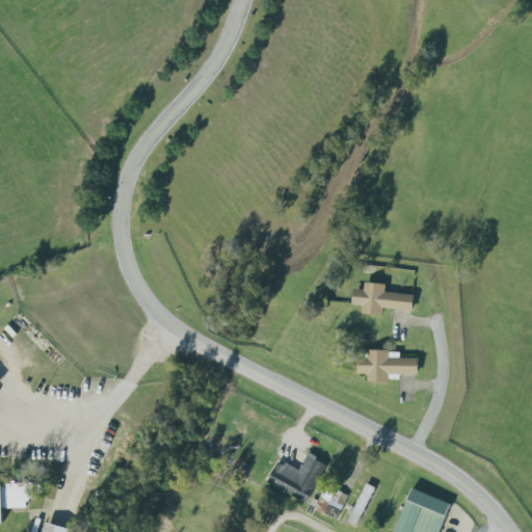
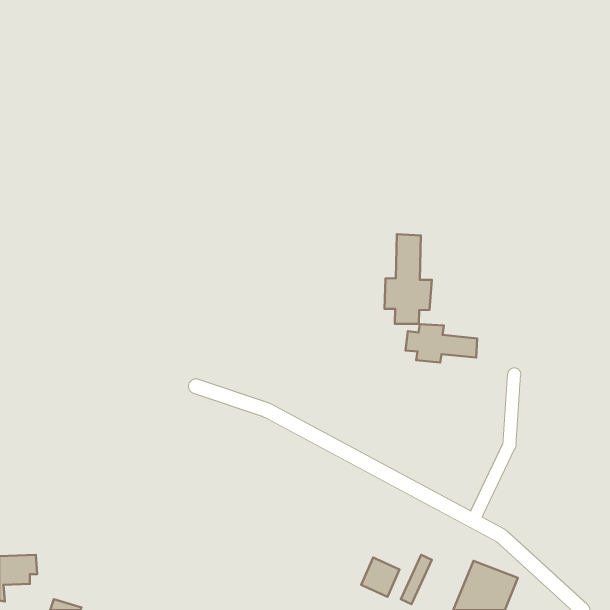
building: none -> [385,234,432,324]
building: [357,350,419,381] -> none
building: [267,453,326,502] -> none

